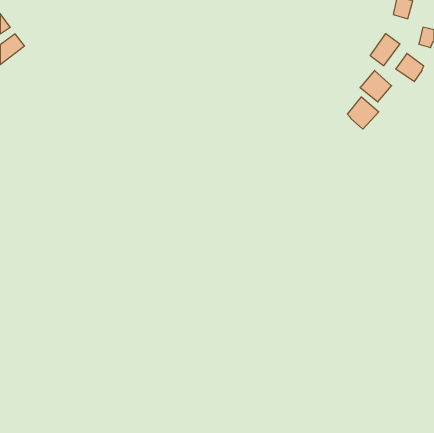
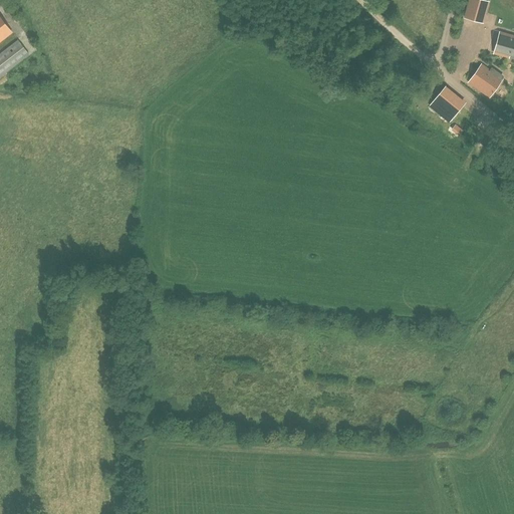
building: [370,34,400,66] -> none
building: [347,97,379,129] -> none

